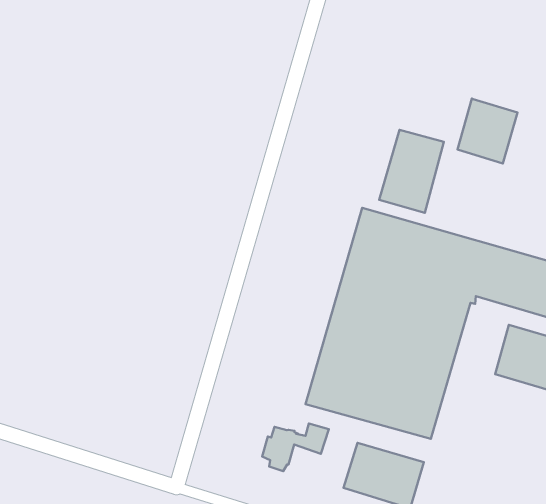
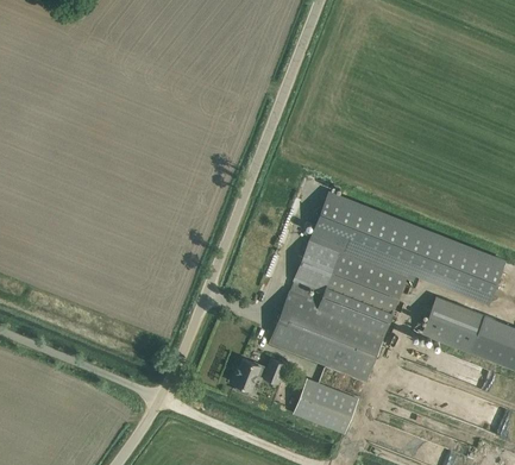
building: [457,98,518,163] -> none
building: [379,130,444,213] -> none

